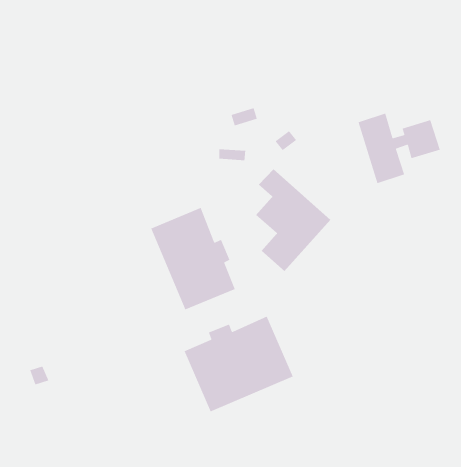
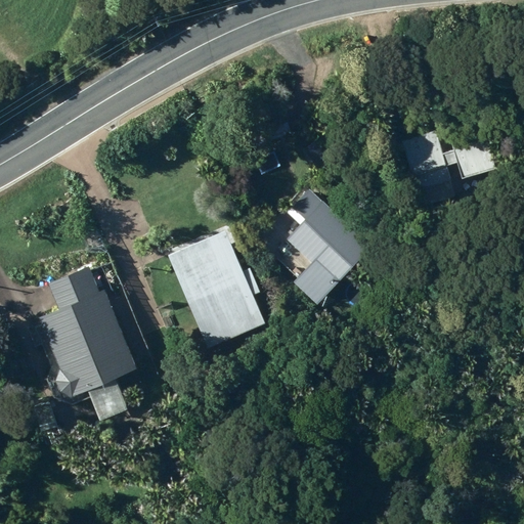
building: none -> [37,265,137,419]
building: [184,315,294,412] -> none

